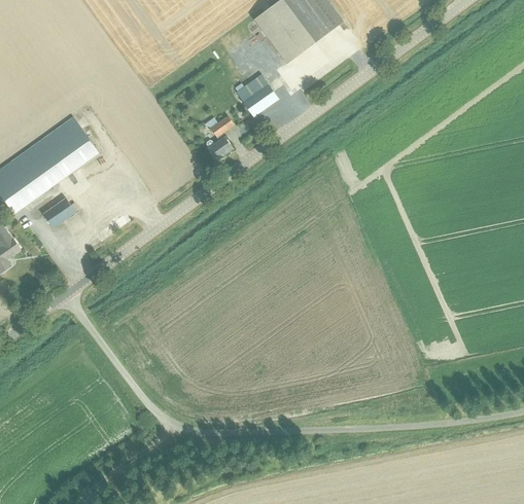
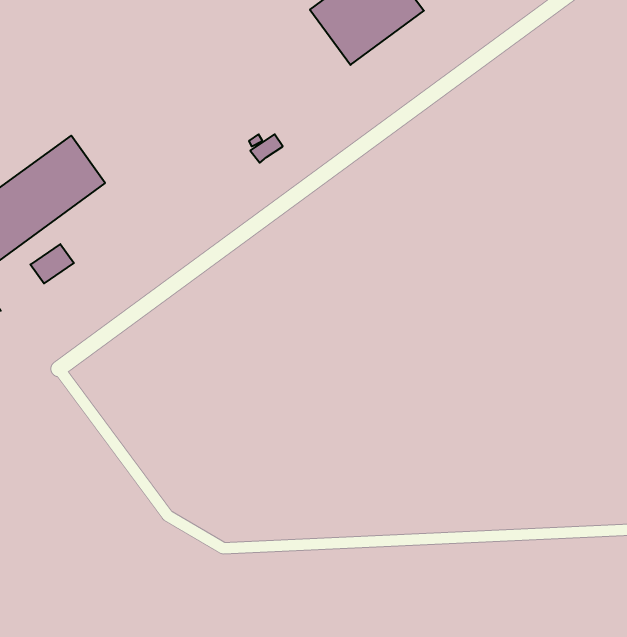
building: [236,73,278,115] -> none
building: [206,132,233,159] -> none

